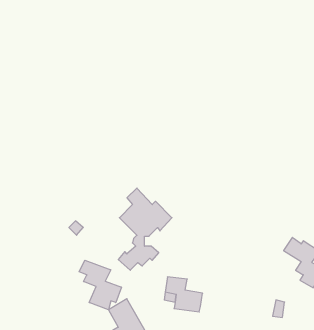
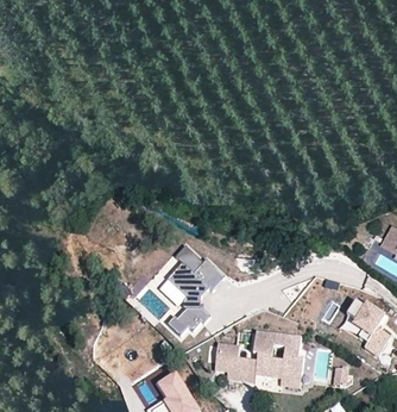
building: [79,260,121,310] -> none
building: none -> [253,333,303,386]

